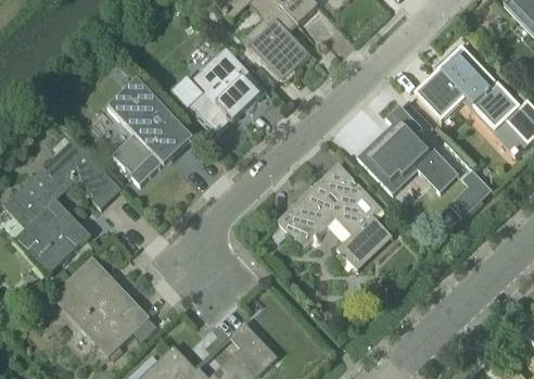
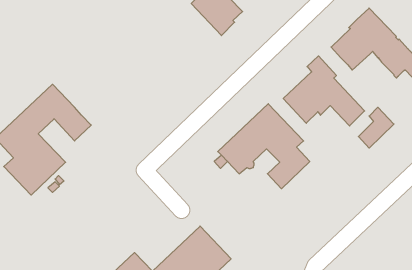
building: [189,47,267,132] -> none
building: [109,80,193,185] -> none
building: [53,260,148,359] -> none

